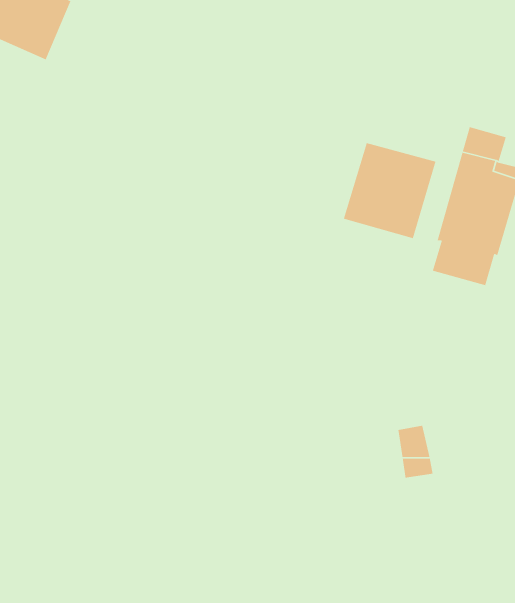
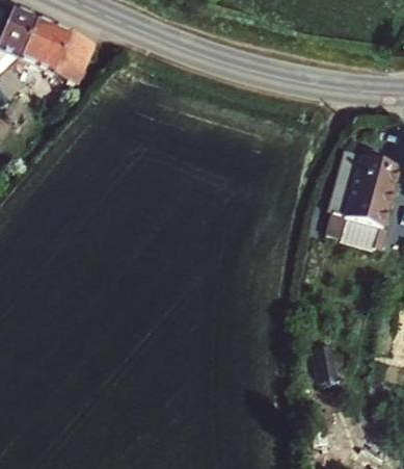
building: [343,142,436,239] -> none

